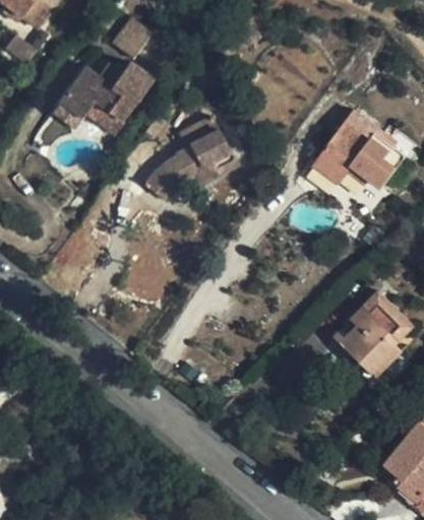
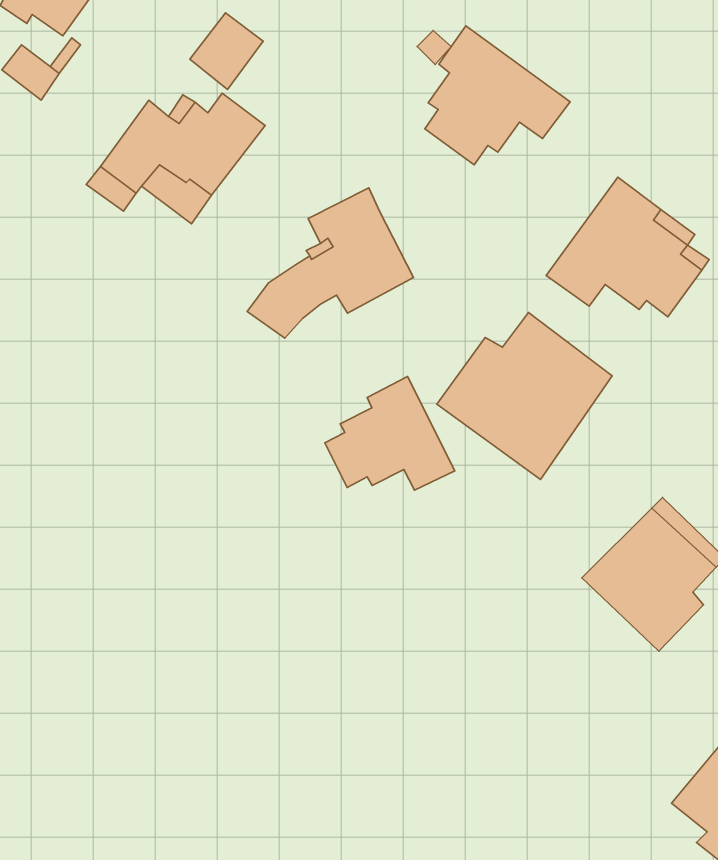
building: none -> [425,26,570,165]
building: none -> [437,312,612,479]
building: none -> [325,377,455,490]

